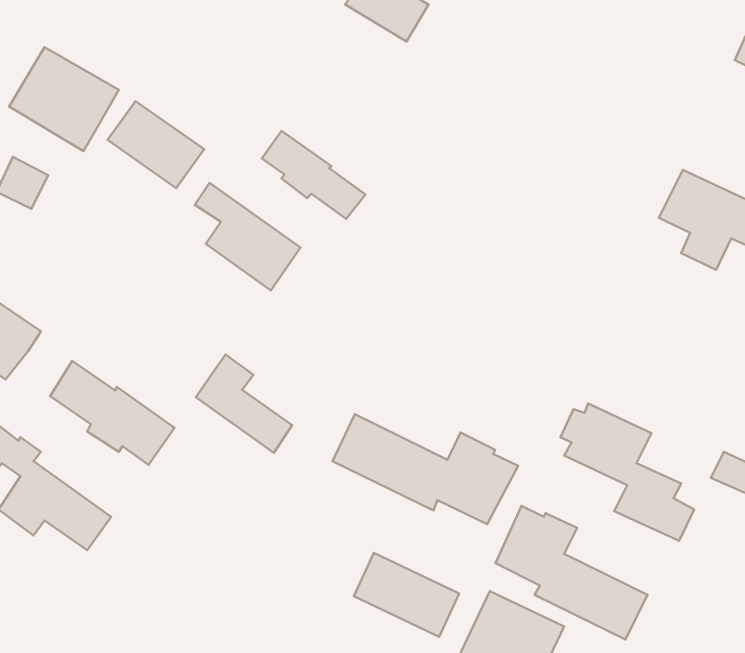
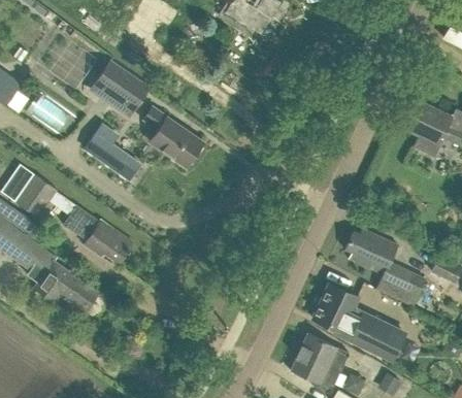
building: [262,131,366,219] -> none
building: [196,355,292,453] -> [87,125,140,179]
building: [332,414,518,524] -> none
building: [354,553,459,637] -> none

